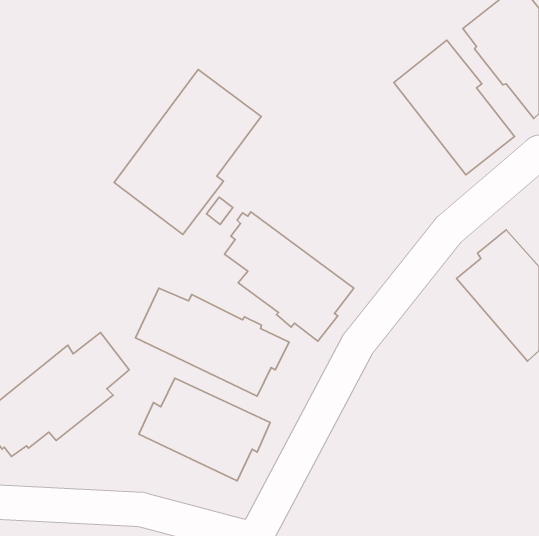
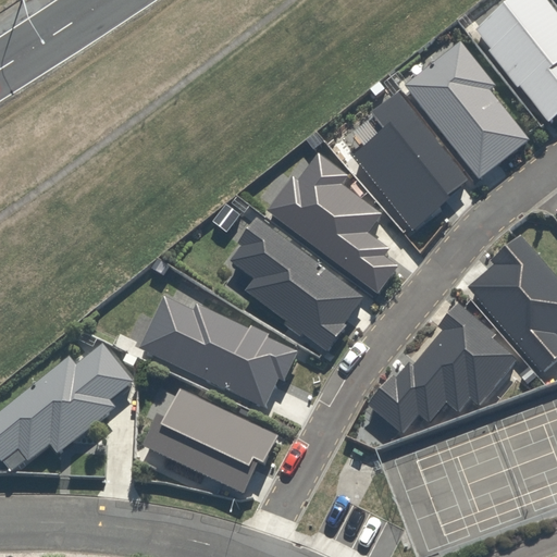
building: [114,70,261,235] -> none
building: none -> [355,92,467,230]
building: none -> [267,153,398,293]
building: none -> [368,302,517,432]

